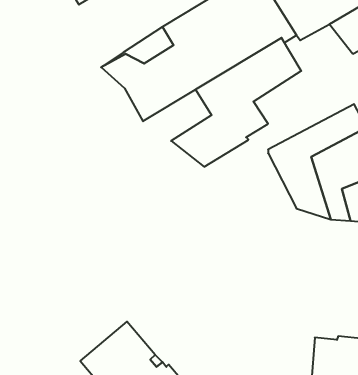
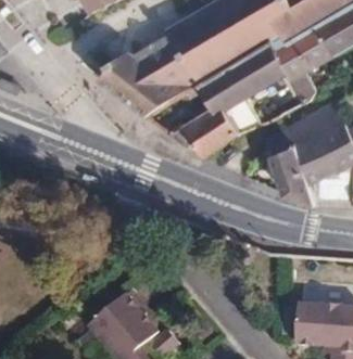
building: none -> [272,29,332,100]

